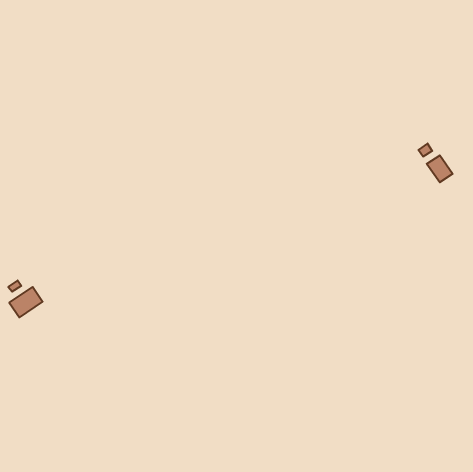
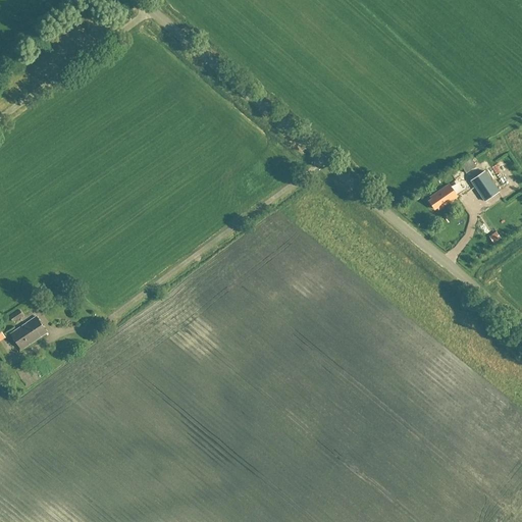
building: none -> [429,184,457,209]

